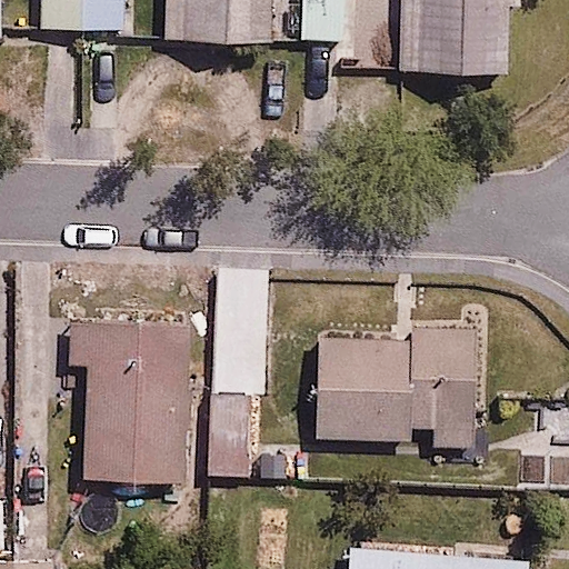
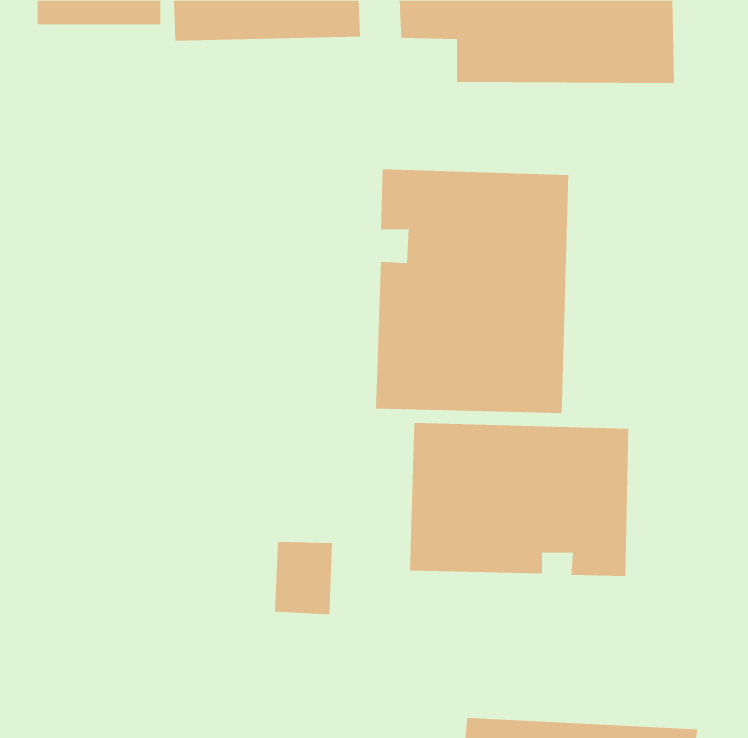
building: none -> [376,168,569,414]
building: [88,291,187,475] -> none

